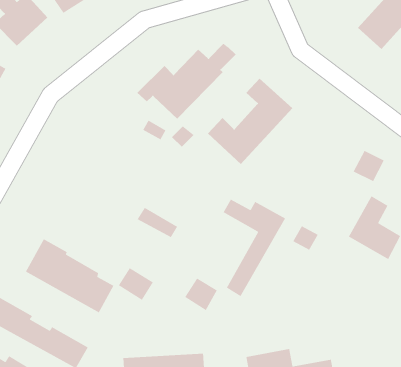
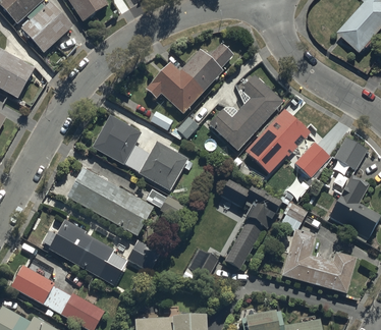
building: none -> [246,111,329,177]
building: none -> [92,116,189,190]
building: none -> [66,167,151,234]
building: none -> [283,230,352,293]

